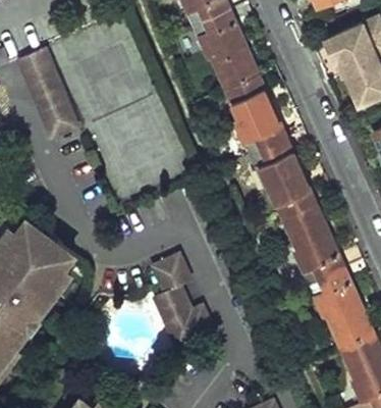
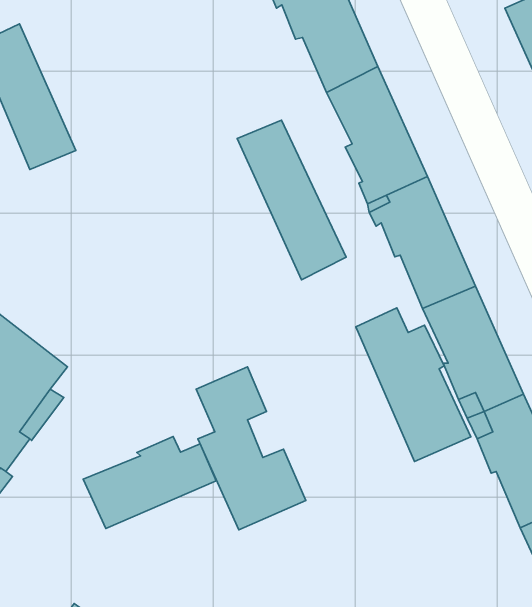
building: none -> [237,120,346,280]
building: none -> [356,308,471,462]
building: none -> [83,436,216,528]

